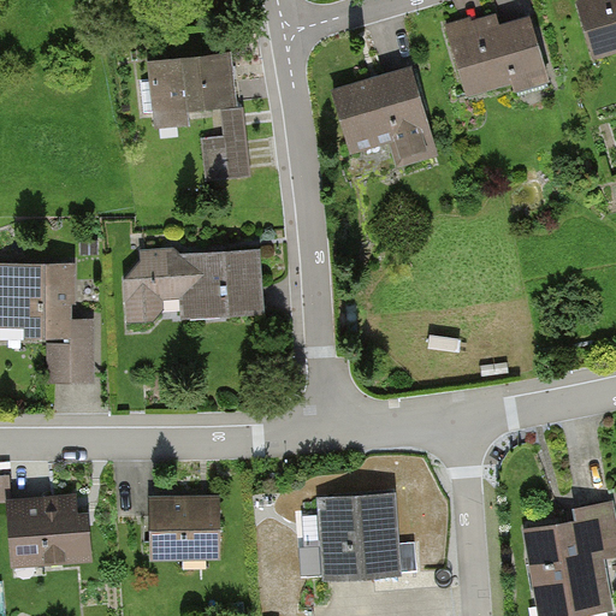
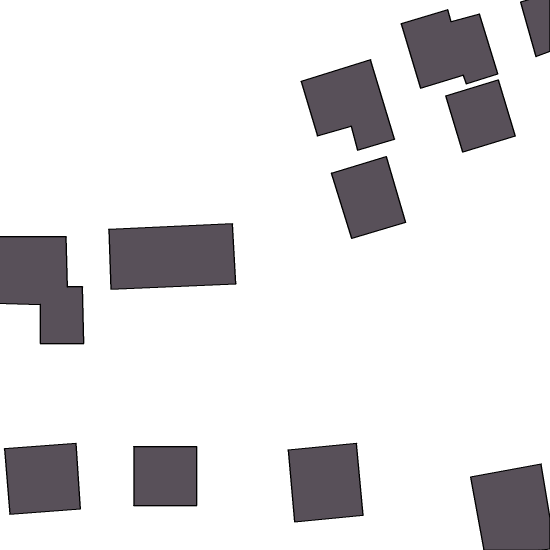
building: [147,52,250,180] -> none
building: none -> [446,80,515,152]
building: none -> [332,157,406,238]

